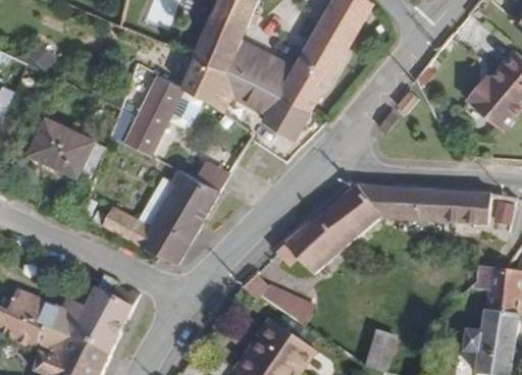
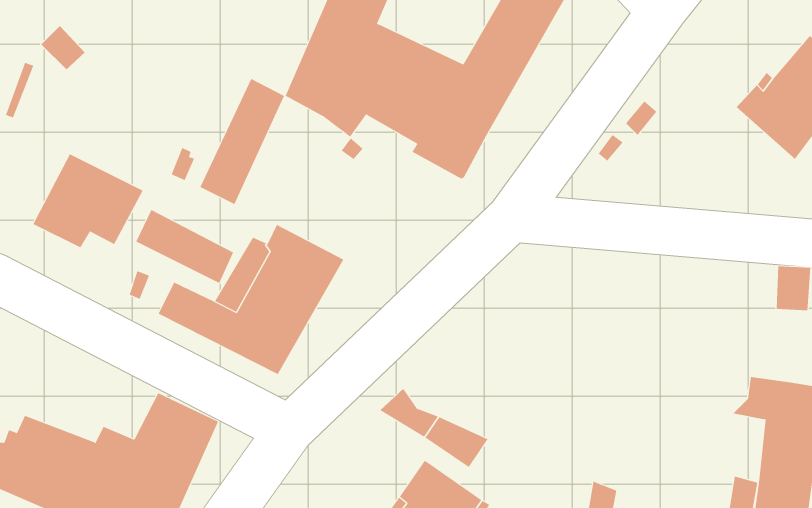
building: none -> [136,209,234,284]
building: [275,185,492,274] -> none

